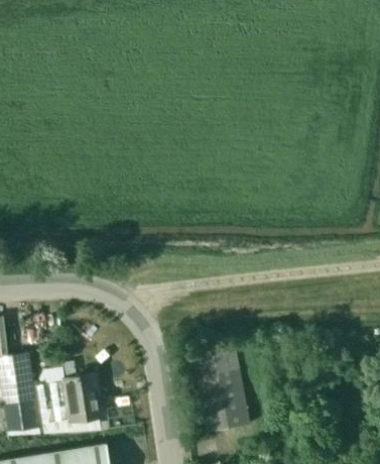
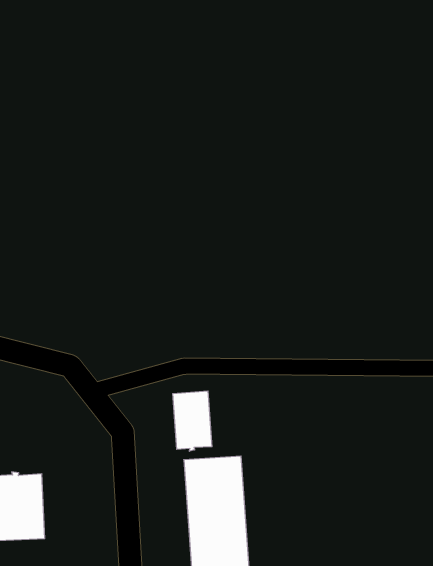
building: none -> [173,391,212,451]

